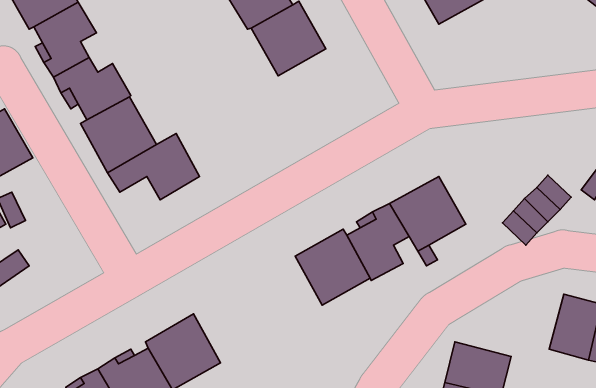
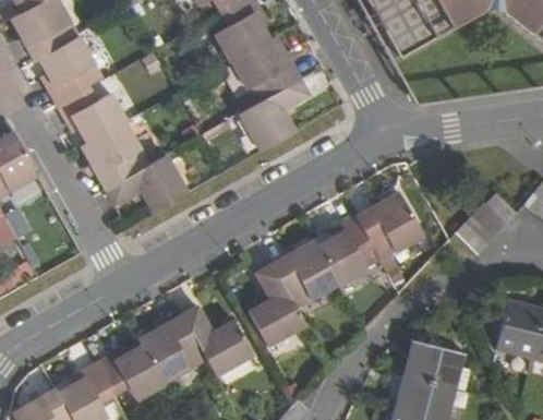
building: none -> [239,79,309,151]
building: none -> [248,263,305,345]
building: none -> [181,305,253,375]

